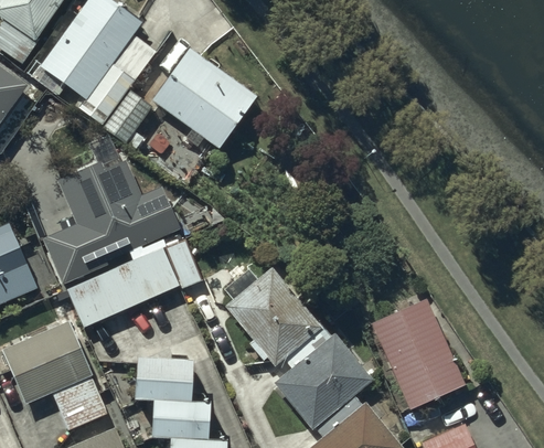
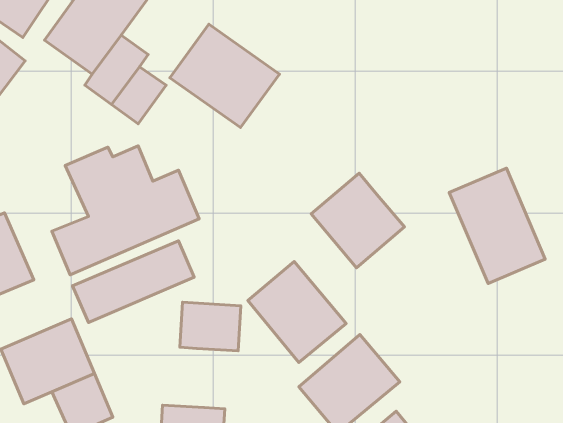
building: none -> [311,173,404,268]
building: [373,299,460,404] -> [449,168,545,284]
building: [135,356,190,401] -> [180,302,241,351]

